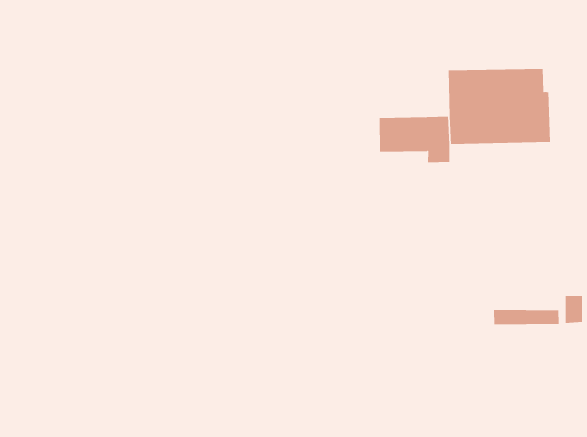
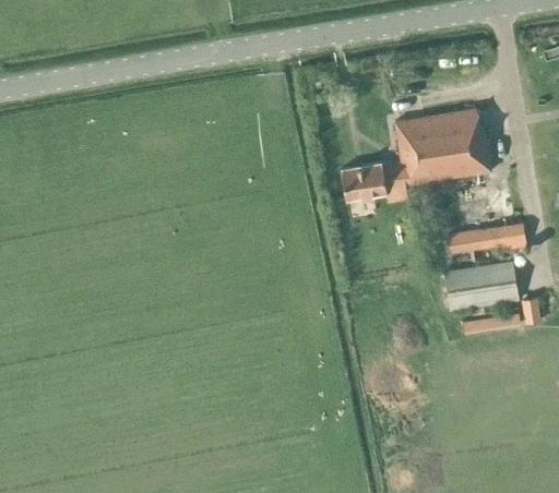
building: none -> [447,223,526,255]
building: none -> [443,261,519,311]

